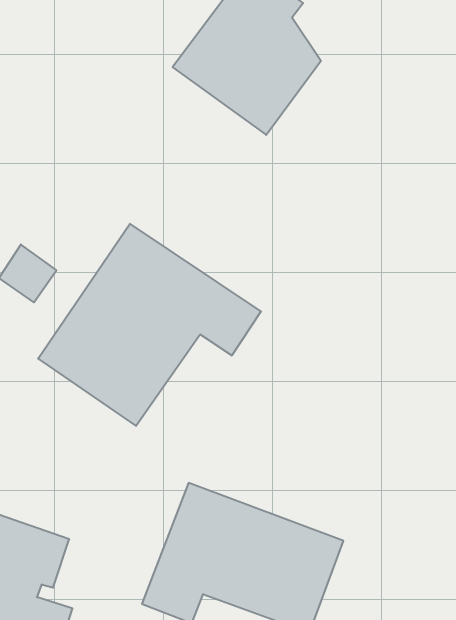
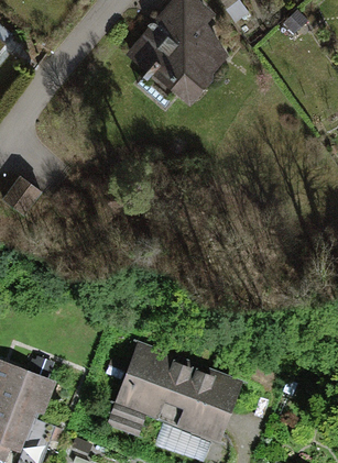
building: [38,224,261,426] -> none

